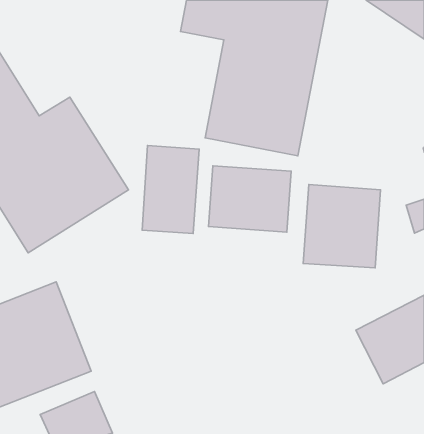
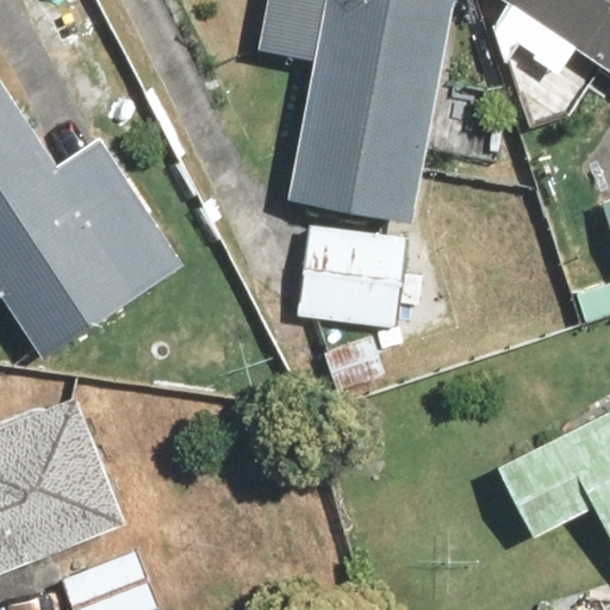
building: [142,145,199,234] -> none
building: [303,184,381,268] -> none

